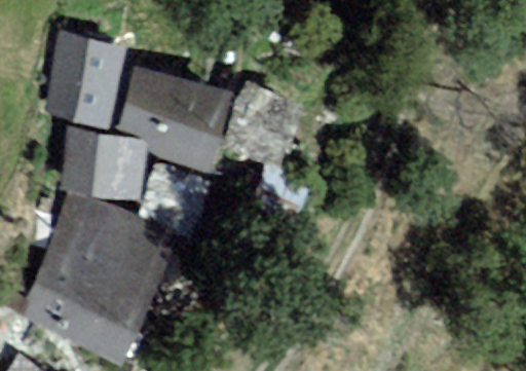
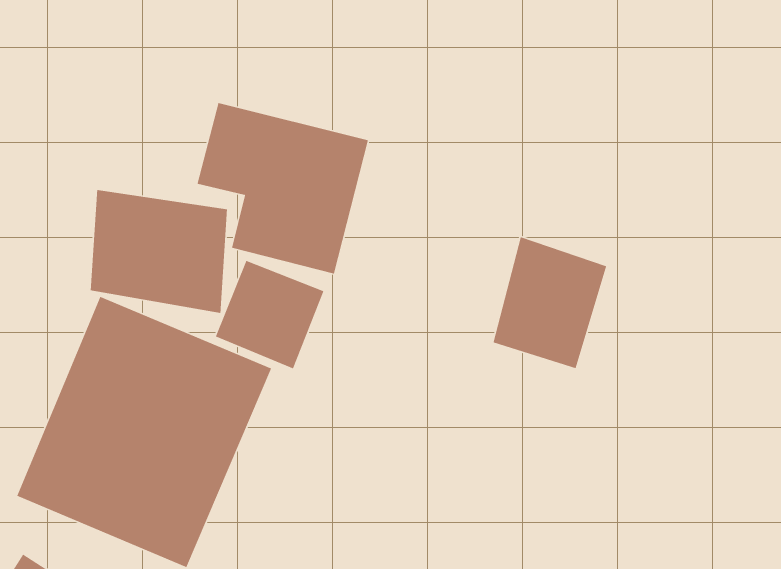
building: [45,34,125,124] -> none
building: [233,85,305,169] -> [492,236,607,369]

